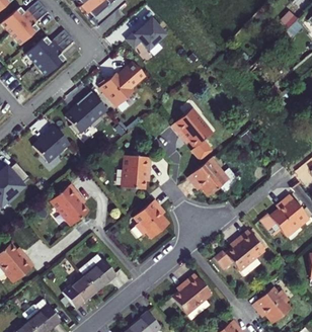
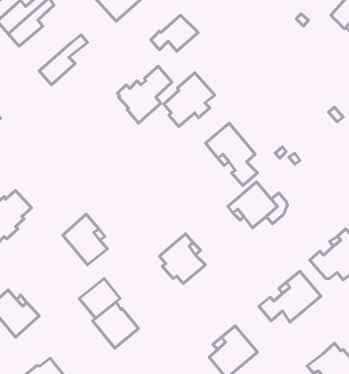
building: [24,29,69,65] -> none
building: [65,91,106,135] -> [164,73,215,126]
building: [30,124,70,164] -> none
building: [125,152,154,187] -> none
building: [63,274,96,307] -> [79,279,120,318]

